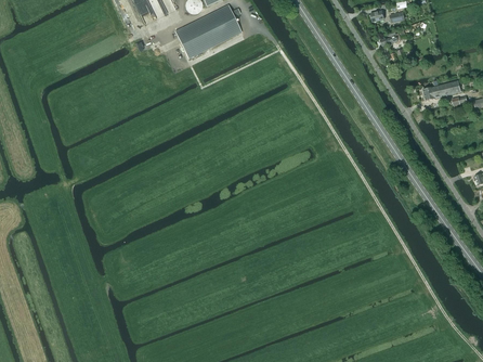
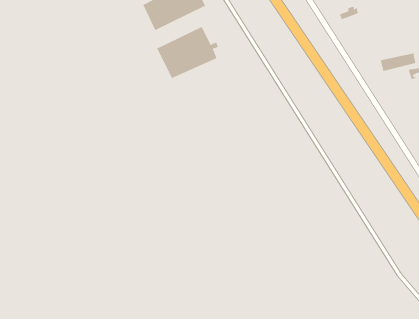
building: none -> [156,26,218,79]

